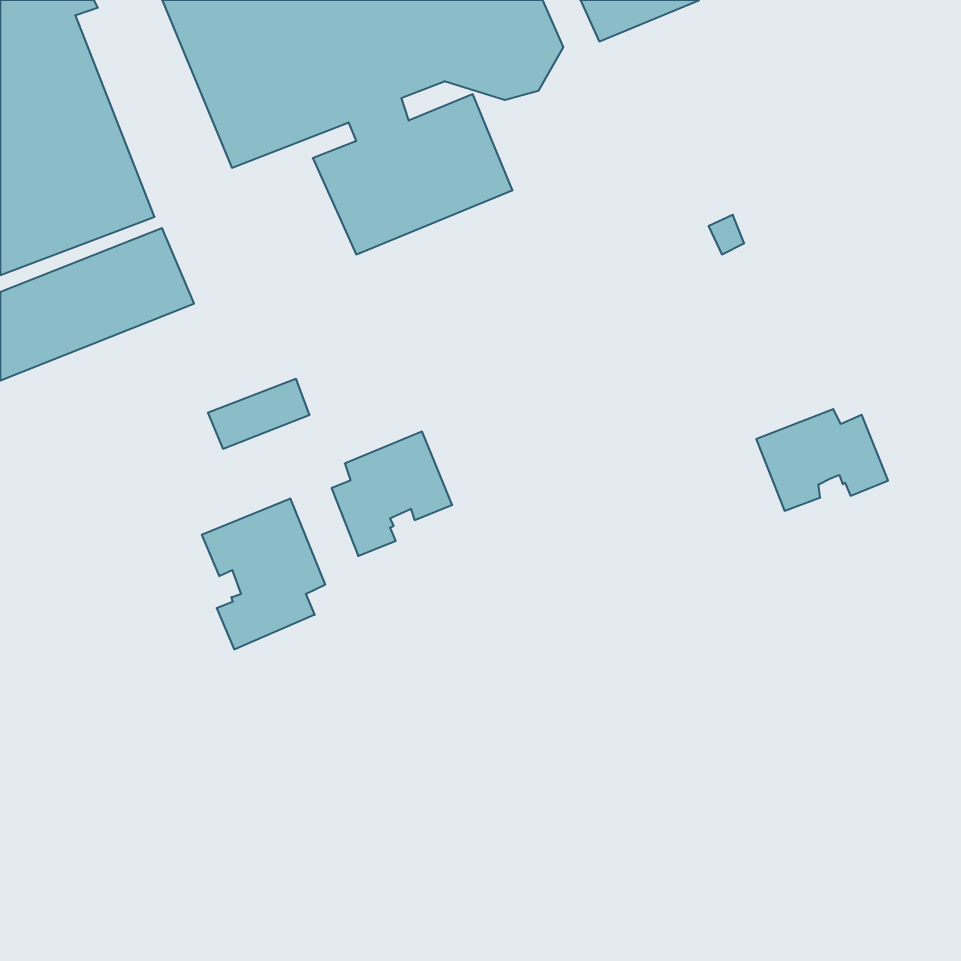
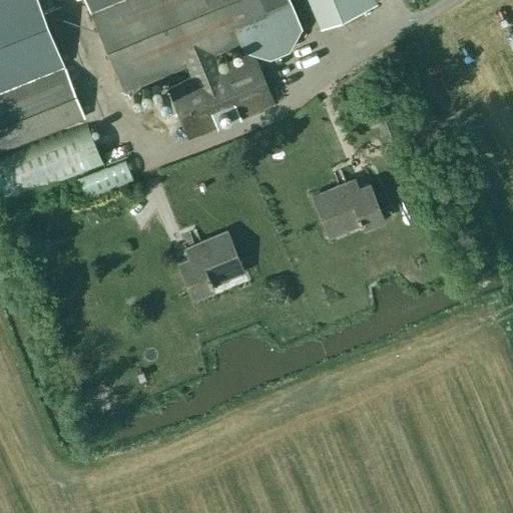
building: [208,379,310,449] -> [78,159,132,196]
building: [756,409,888,511] -> [312,180,382,234]
building: [202,498,325,649] -> none

